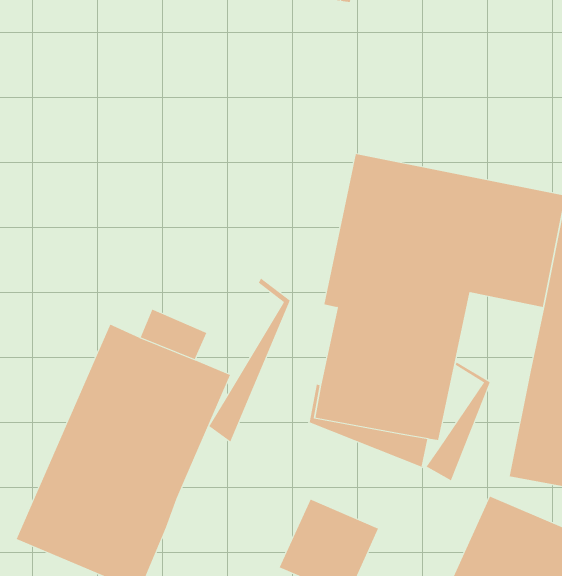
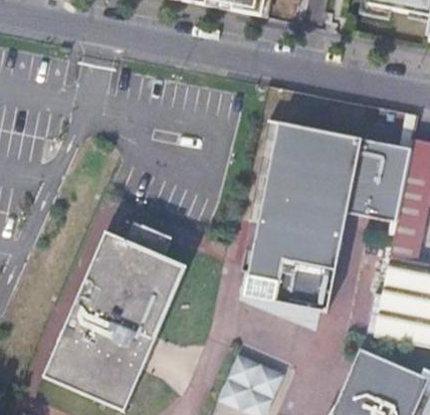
building: [208,278,291,443] -> none
building: [426,362,490,481] -> none

